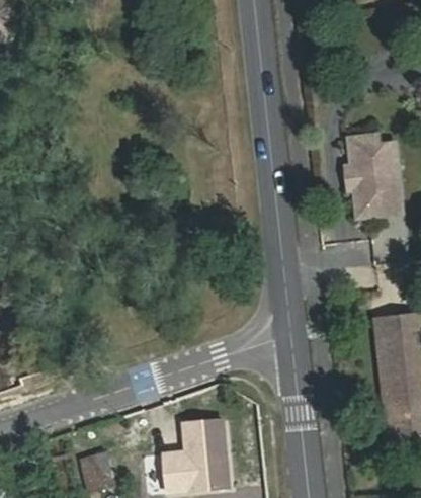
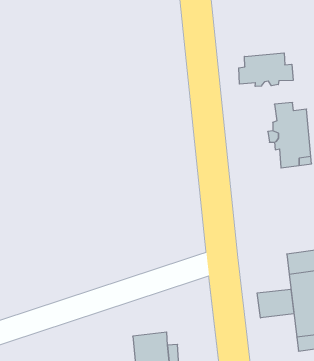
building: none -> [239,53,293,86]
building: none -> [257,289,294,318]

